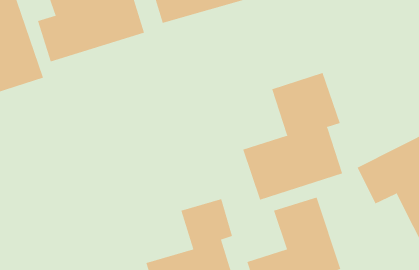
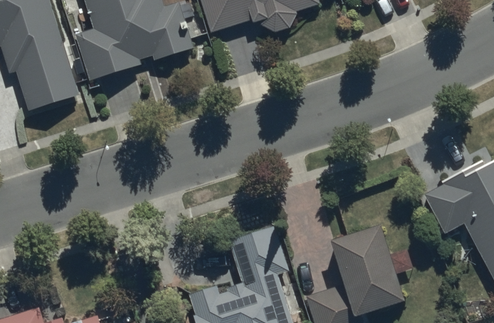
building: [242,72,343,201] -> none

